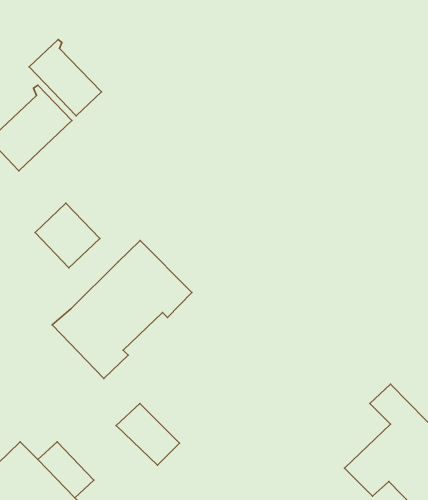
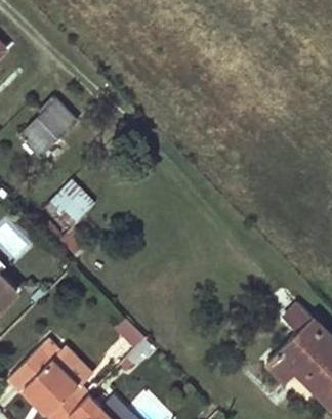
building: [29,39,101,116] -> none
building: [52,241,192,379] -> none

